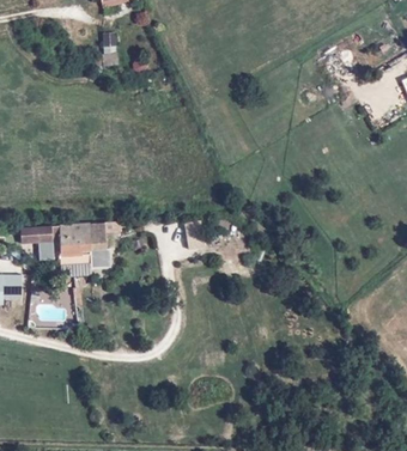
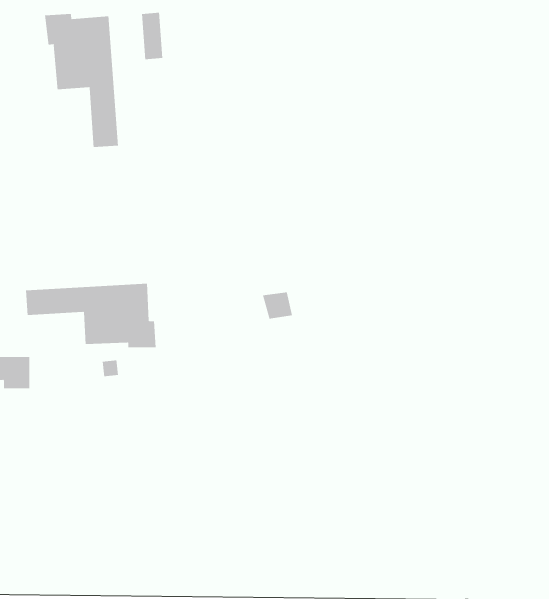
building: none -> [44,13,119,148]

